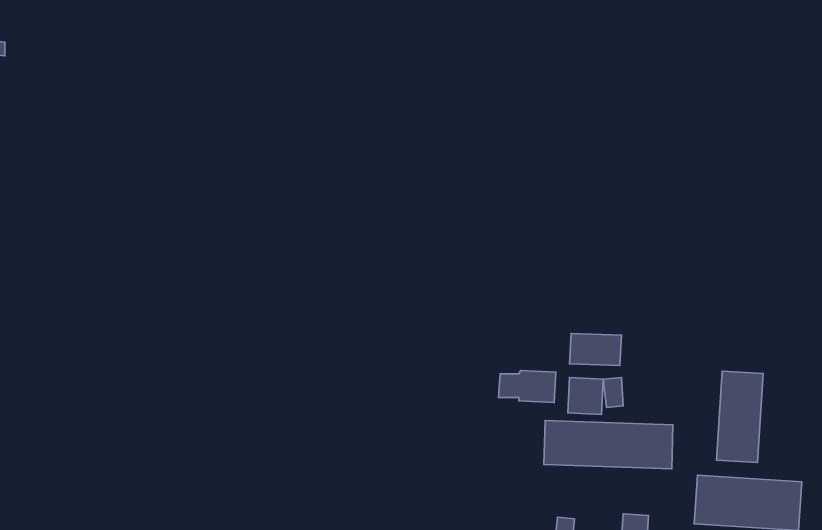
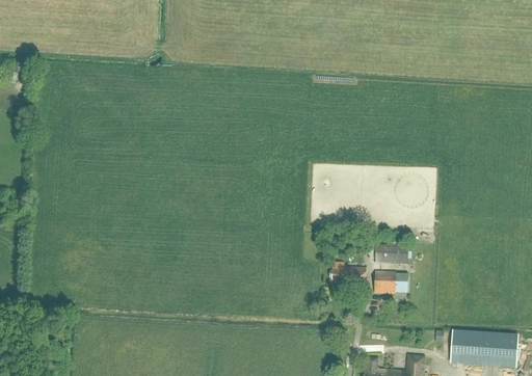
building: [717,371,763,463] -> none
building: [544,421,673,469] -> none

